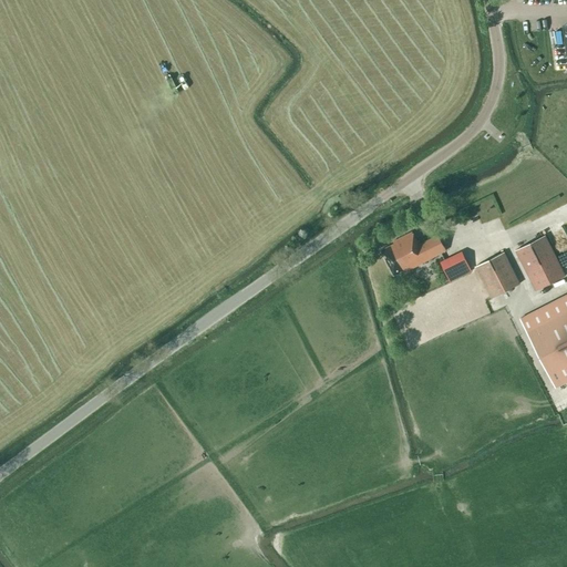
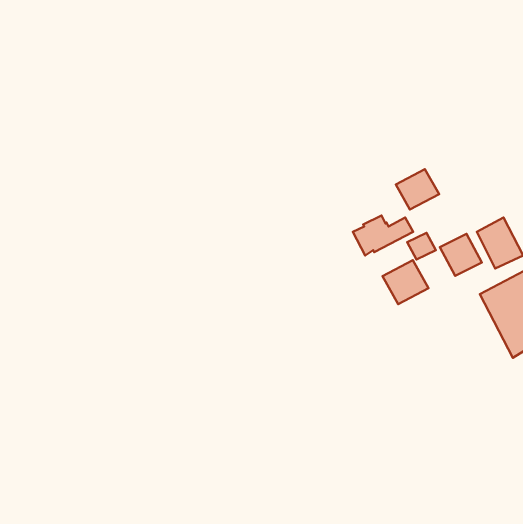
building: none -> [396,169,439,210]
building: none -> [383,260,428,304]

